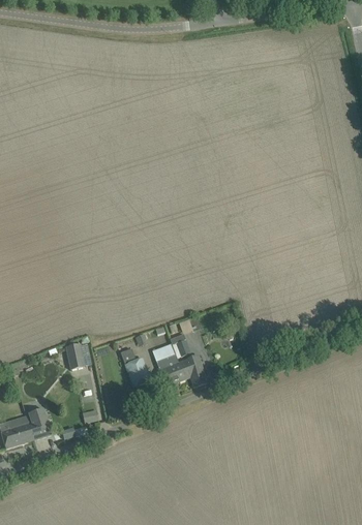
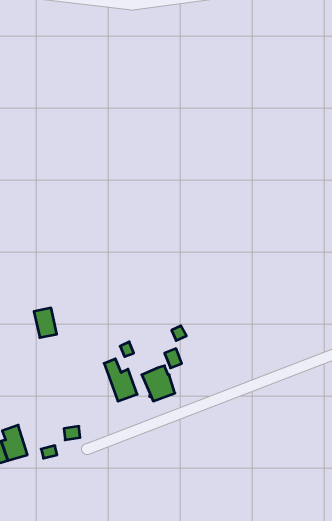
building: [64,342,85,369] -> [34,308,57,338]
building: [179,354,206,385] -> none

